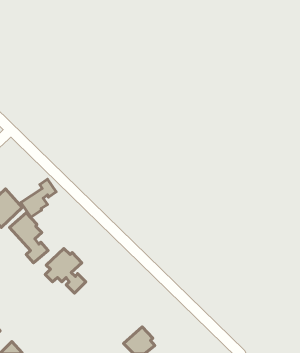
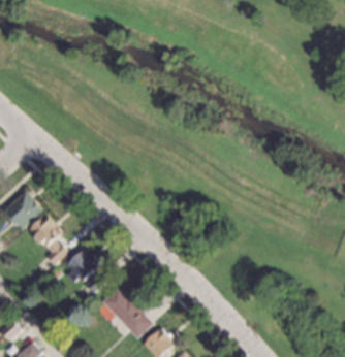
building: [21,179,56,217] -> none
building: none -> [101,286,153,338]

